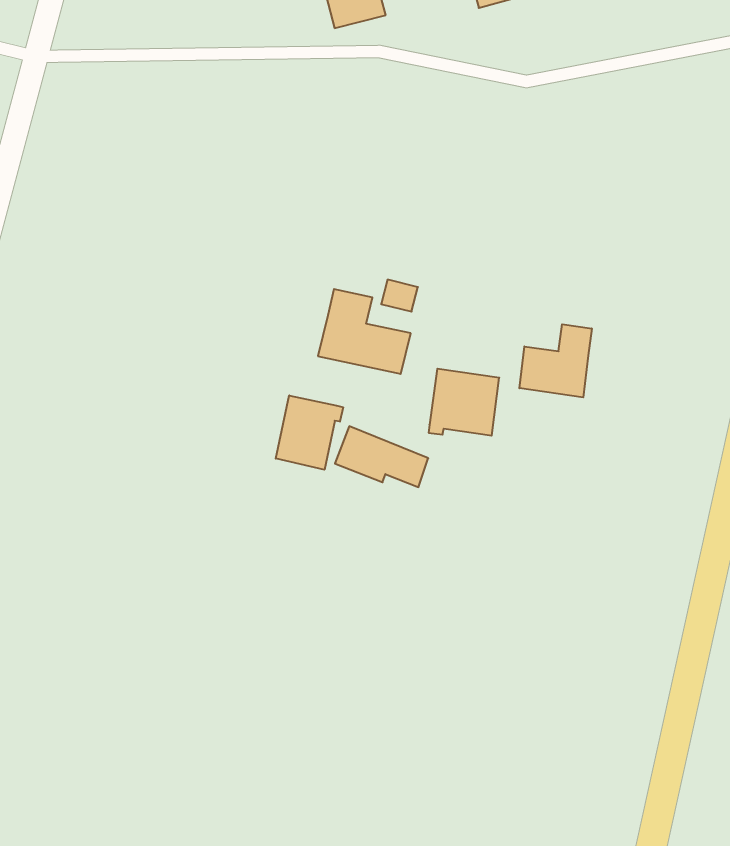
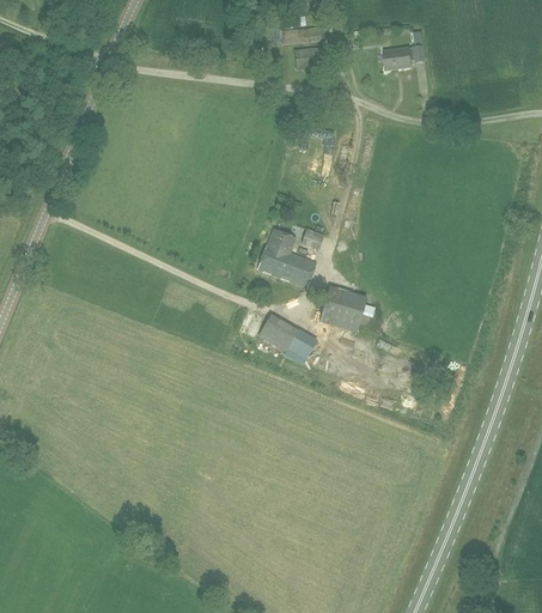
building: [519,324,592,397] -> none
building: [276,395,343,470] -> none

